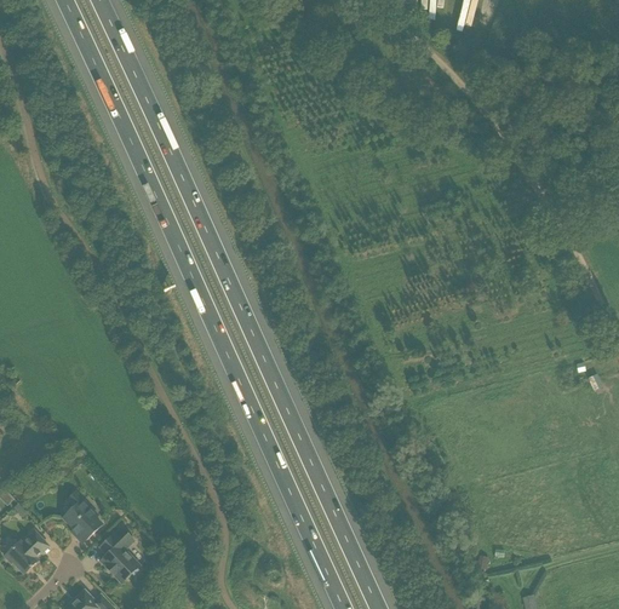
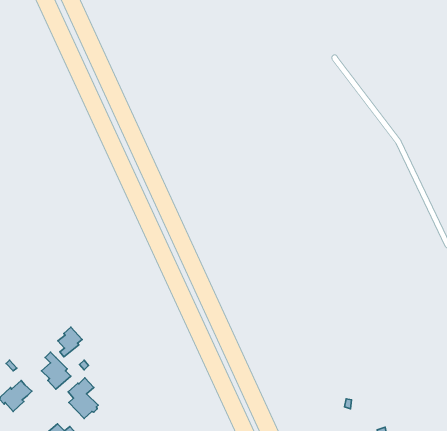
building: none -> [58,327,82,357]

